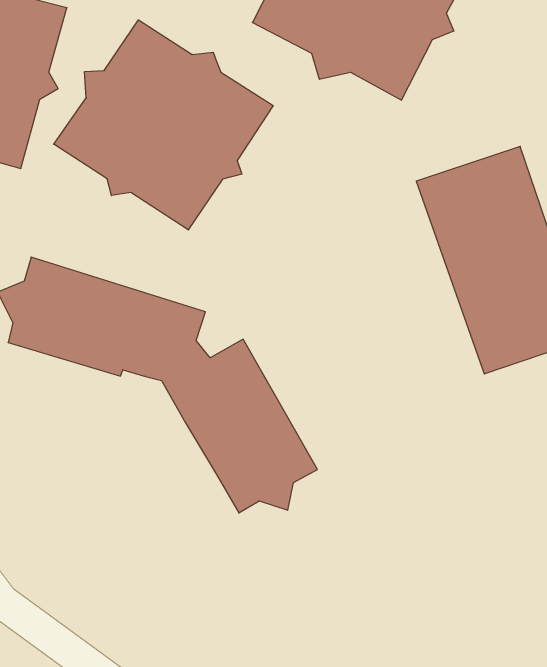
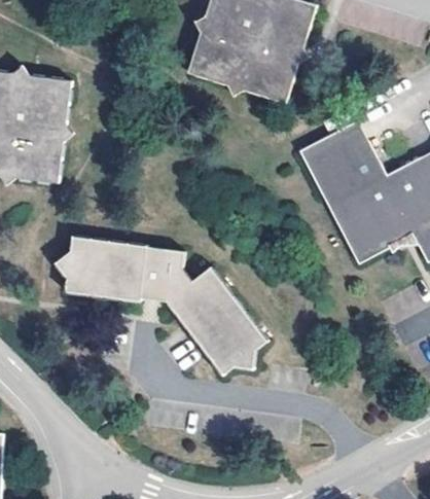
building: [54,20,273,230] -> none

